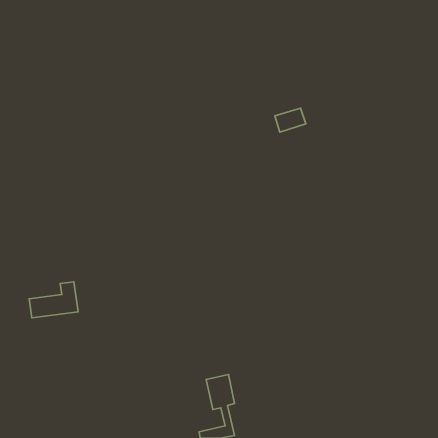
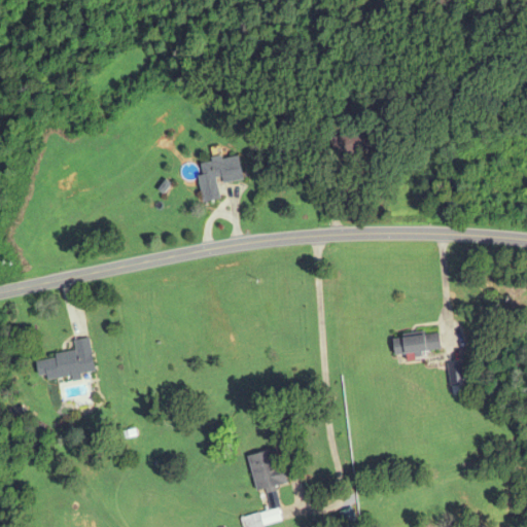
building: none -> [199,155,242,202]
building: none -> [392,332,440,355]

